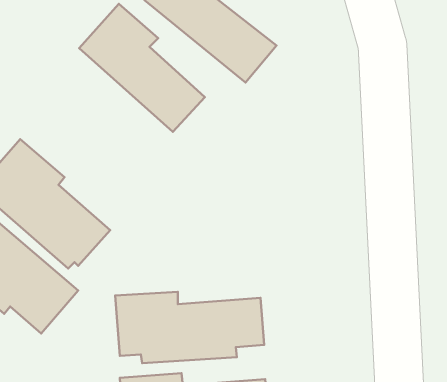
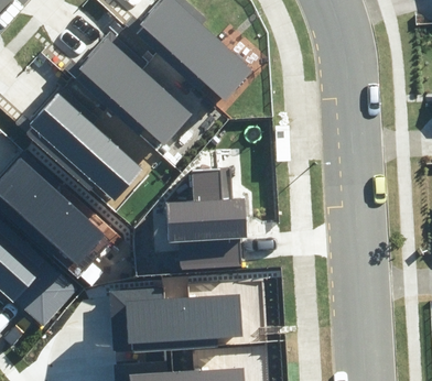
building: none -> [23,86,141,200]
building: none -> [166,170,248,270]

